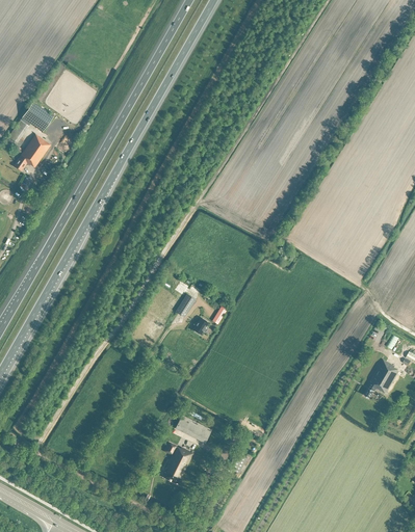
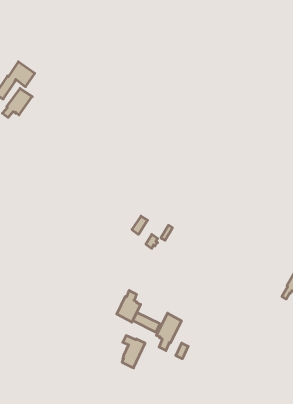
building: none -> [117,290,141,322]
building: none -> [156,313,181,351]

